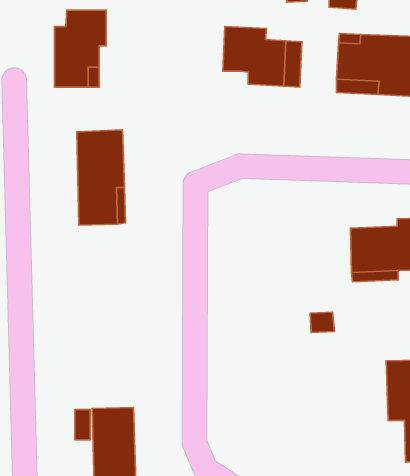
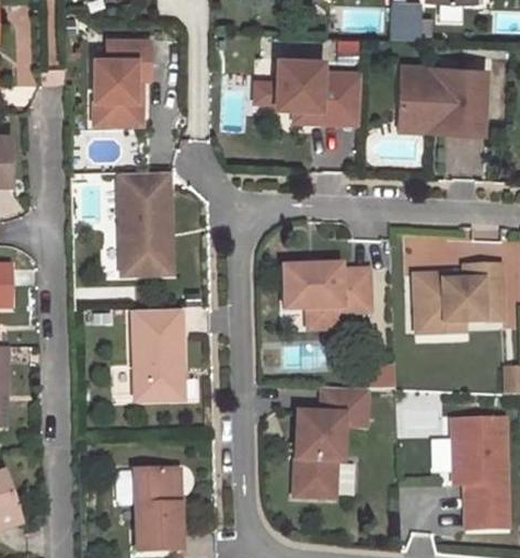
building: none -> [284,271,372,321]
building: none -> [131,307,184,399]
building: none -> [293,388,367,499]

